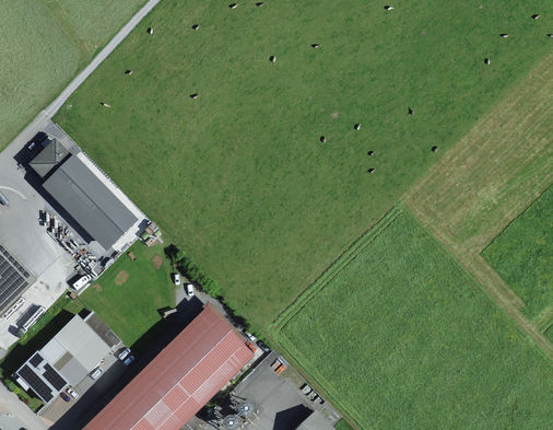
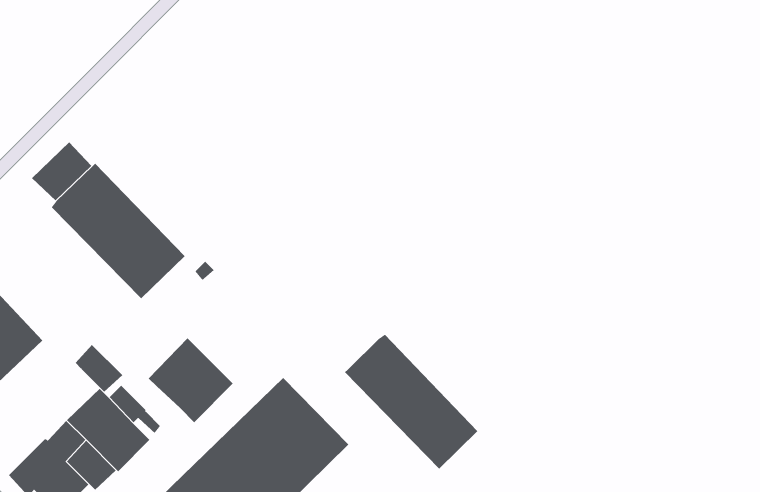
building: none -> [344,334,478,469]
building: none -> [148,337,234,423]
building: none -> [75,344,123,392]

